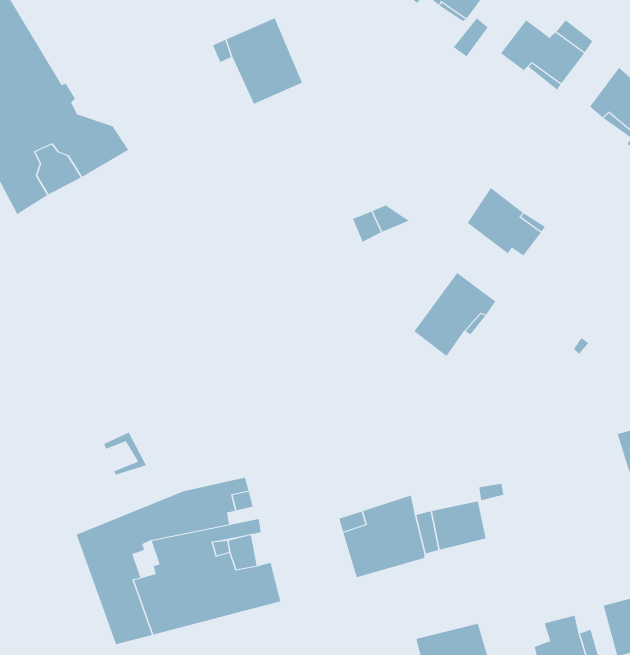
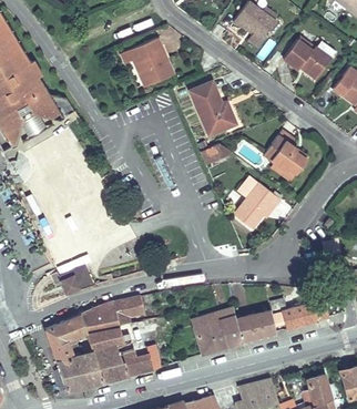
building: none -> [187,81,235,136]
building: none -> [282,299,329,328]

